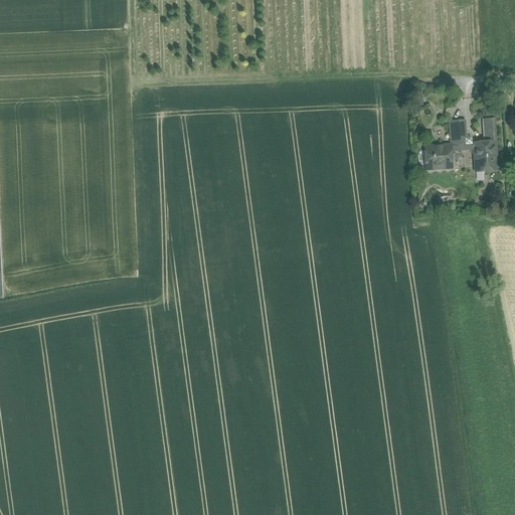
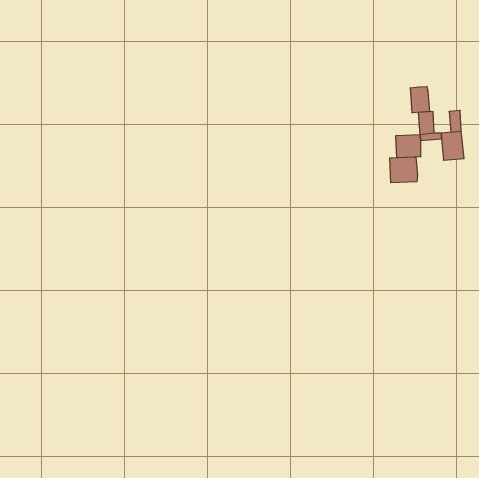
building: none -> [410,86,429,113]
building: none -> [390,157,417,183]

